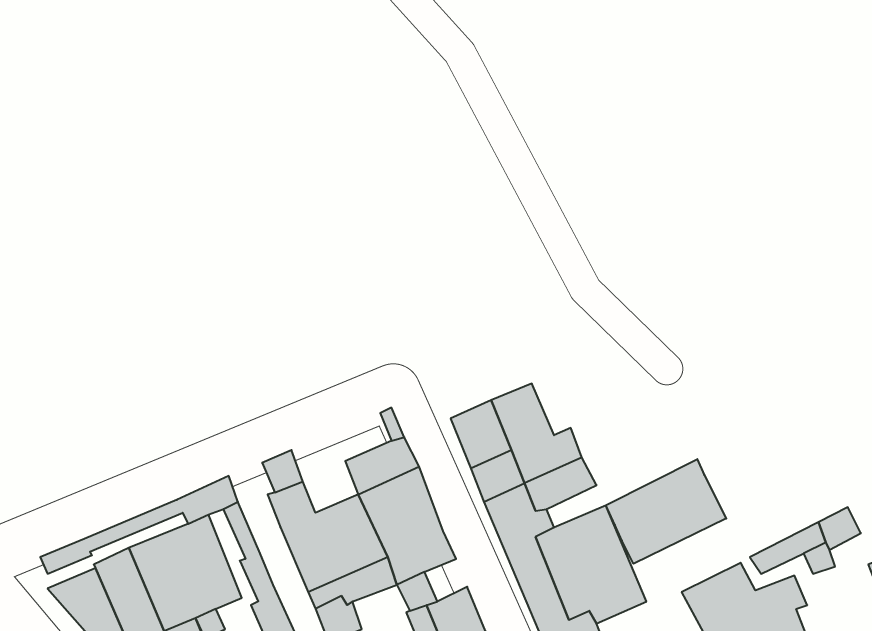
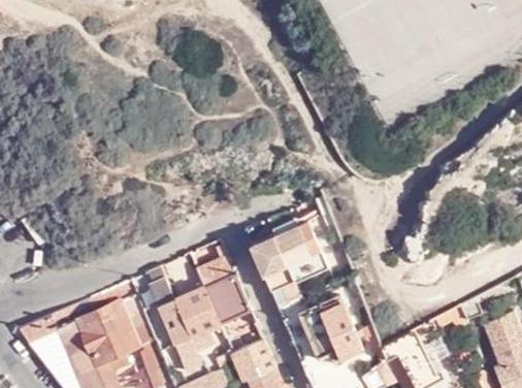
building: [606,459,726,564] -> none

